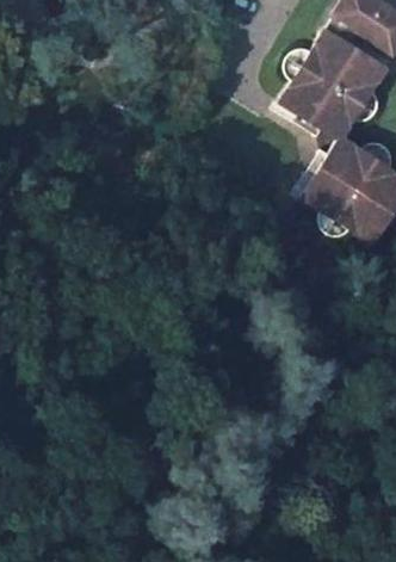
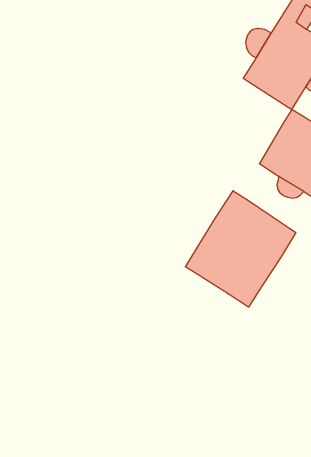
building: none -> [185,191,296,307]

